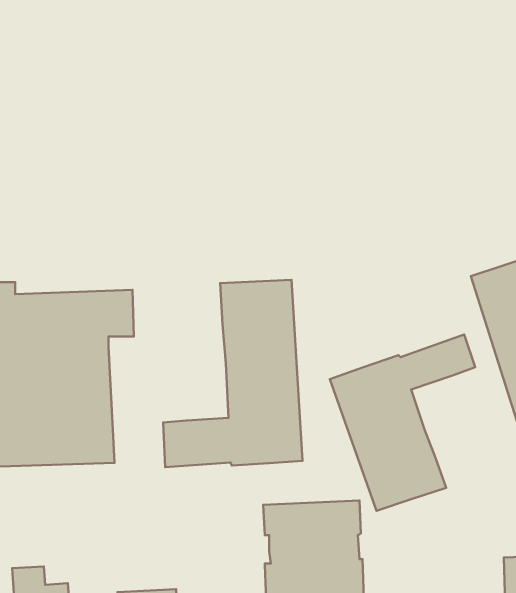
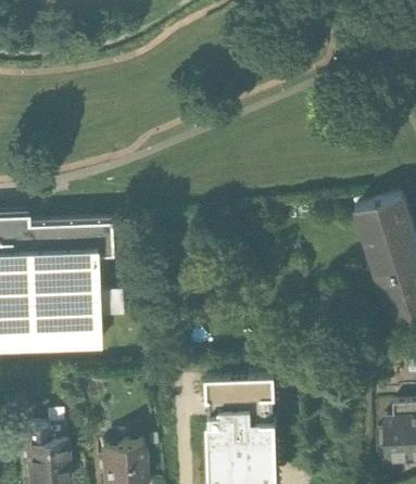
building: [163,280,302,467] -> none
building: [330,334,475,511] -> none

